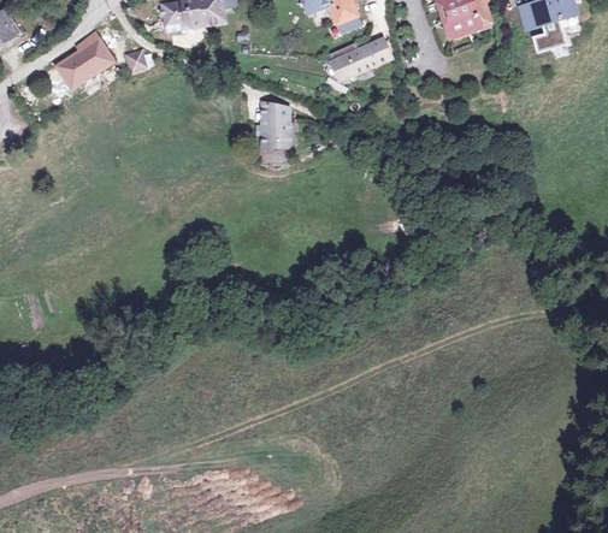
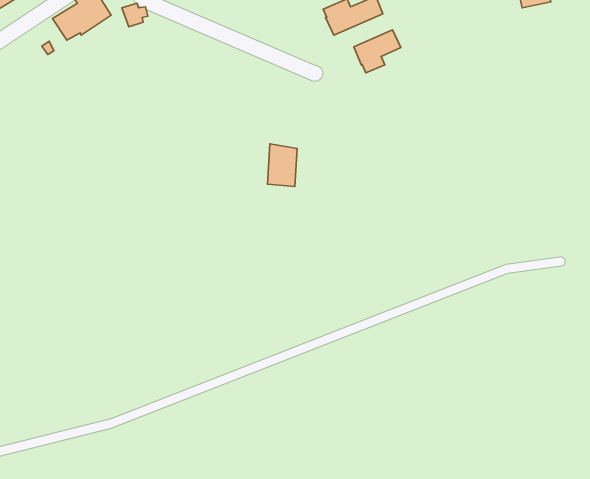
building: none -> [354,30,401,73]
building: [262,109,293,153] -> [267,144,297,187]

